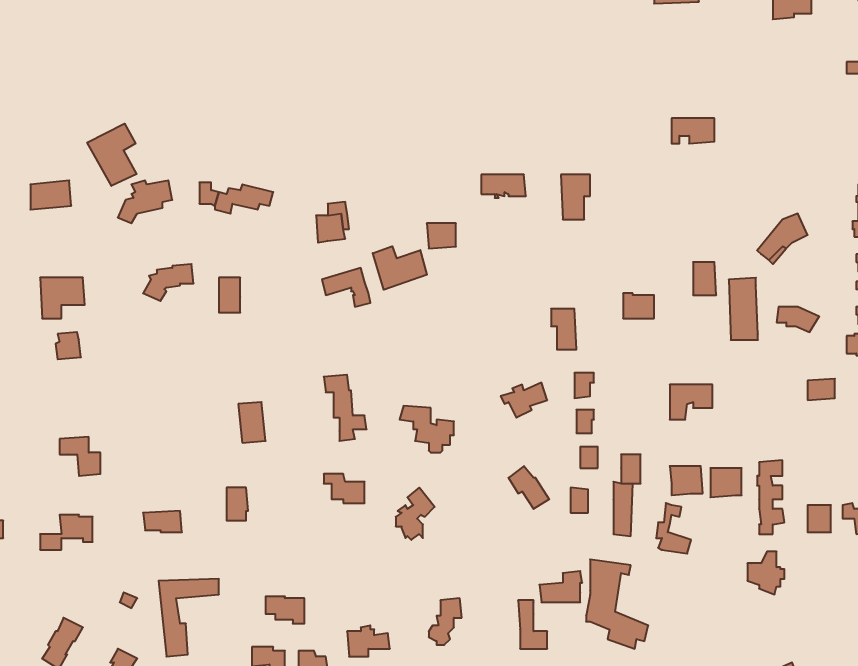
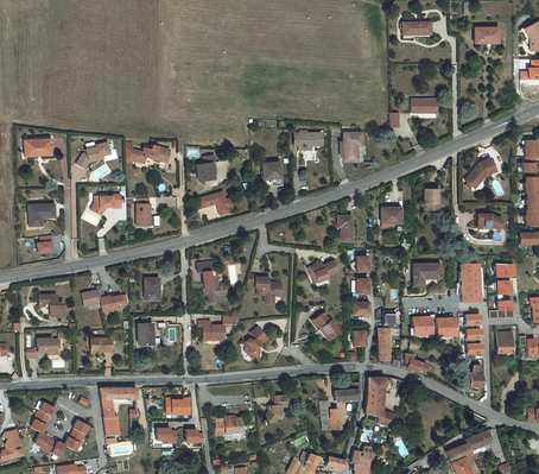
building: [87,124,137,186] -> none
building: [373,246,427,290] -> none
building: [729,278,758,340] -> [461,260,478,298]
building: none -> [489,277,513,315]
building: none -> [81,287,127,312]

